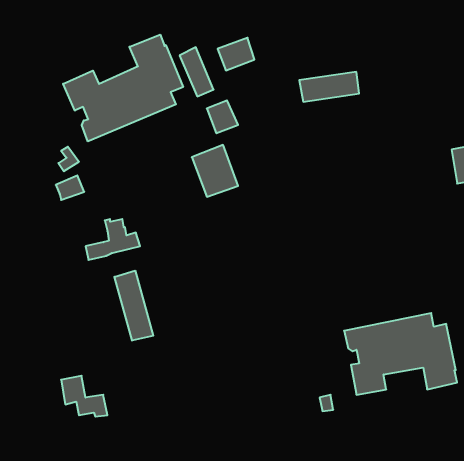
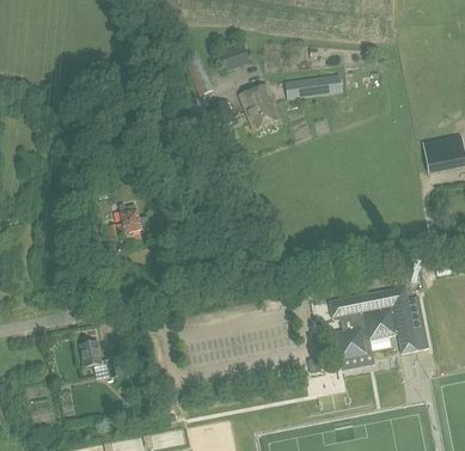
building: [63,35,183,141] -> none
building: [192,145,238,197] -> [238,84,279,129]
building: [114,271,153,341] -> none

